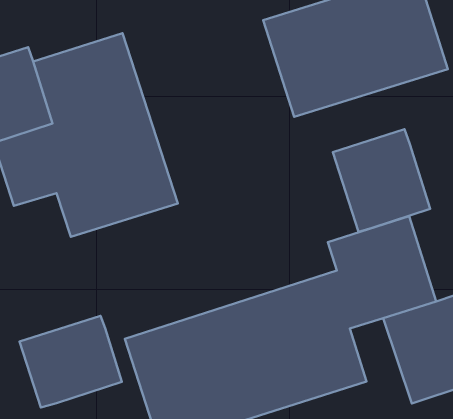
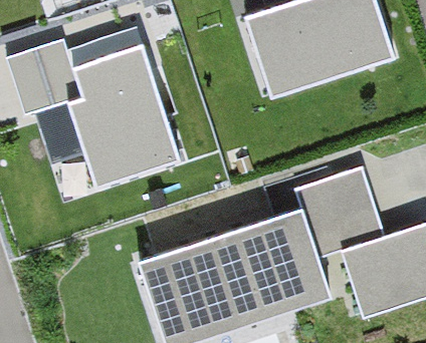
building: [333,129,430,232] -> none
building: [19,316,122,407] -> none

